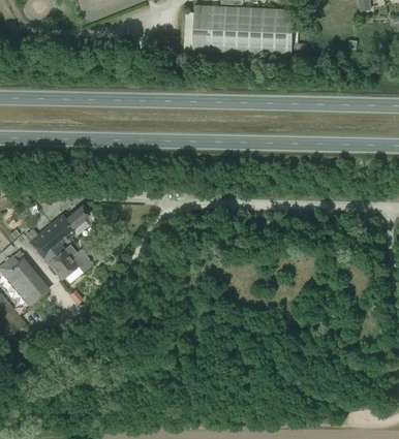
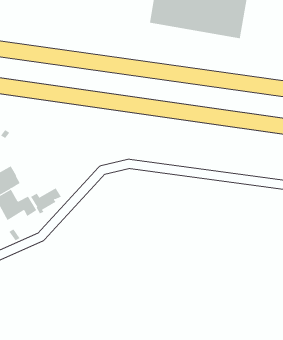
building: [60,207,94,238] -> [30,187,62,214]

